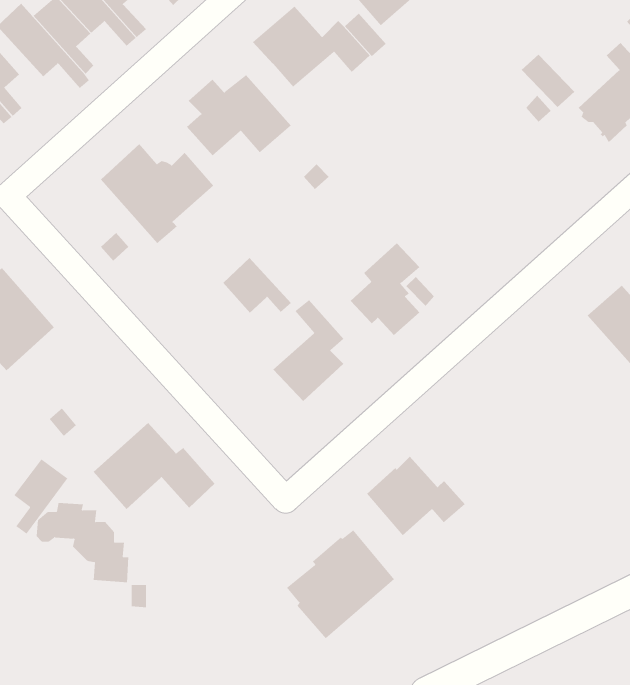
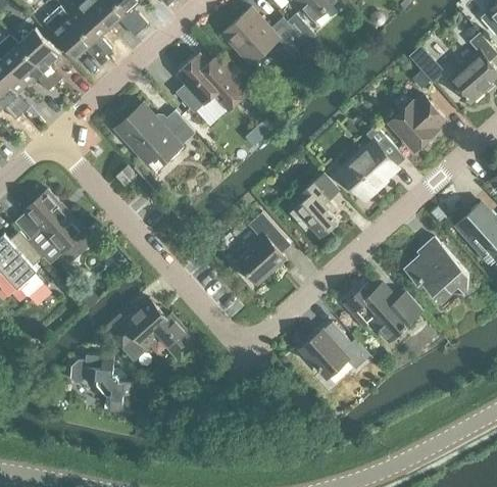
building: none -> [390,97,444,151]
building: none -> [341,127,398,199]
building: [222,257,292,313] -> none
building: none -> [403,238,467,295]
building: none -> [344,284,423,342]
building: [14,458,68,534] -> none
building: [286,529,395,639] -> none

